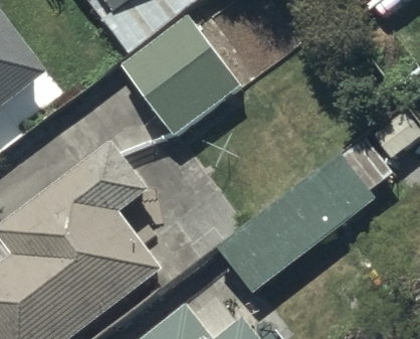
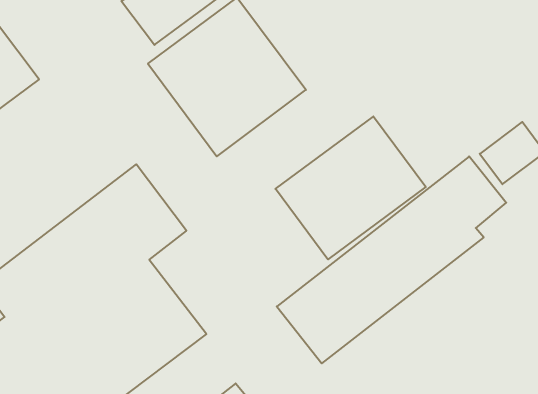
building: none -> [275,116,426,259]

